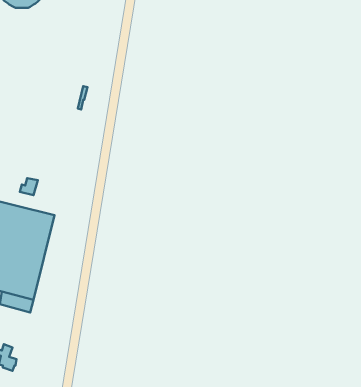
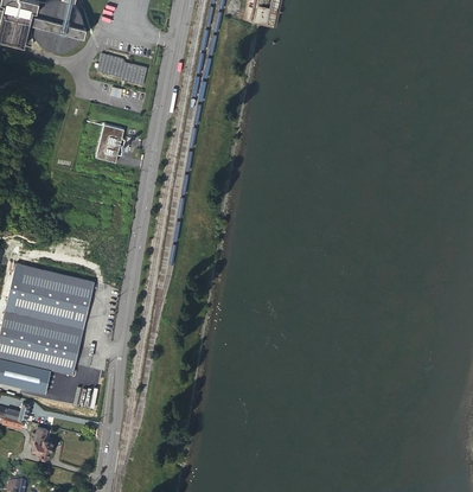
building: none -> [97,53,147,85]
building: none -> [95,123,123,162]

